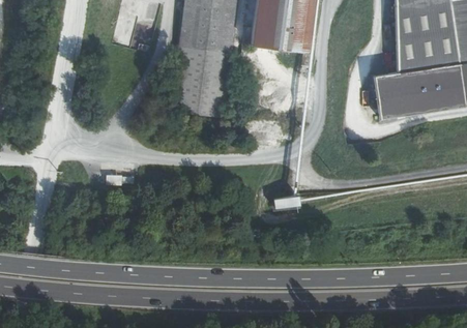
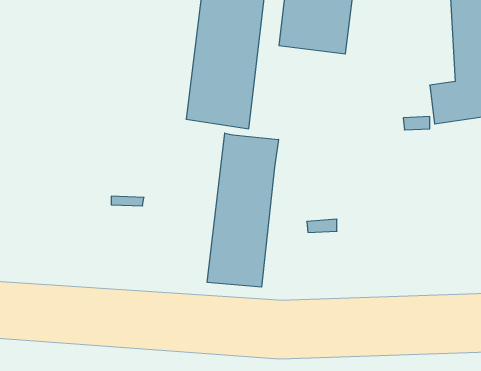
building: none -> [207,133,278,287]

